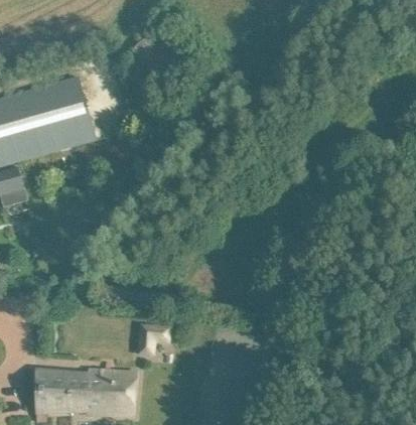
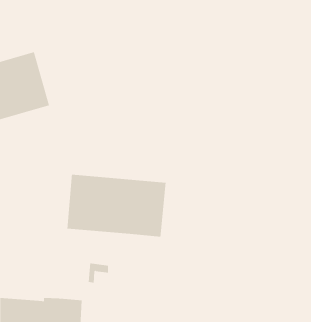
building: none -> [67,174,166,237]

